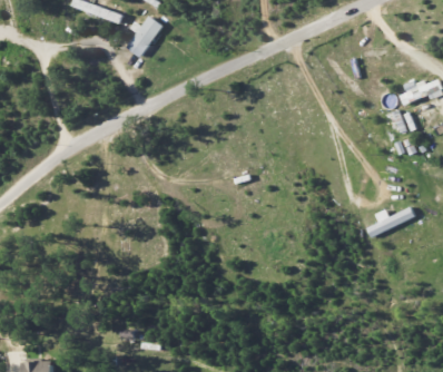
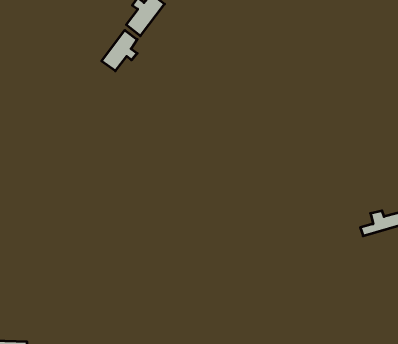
building: none -> [102,30,137,71]

